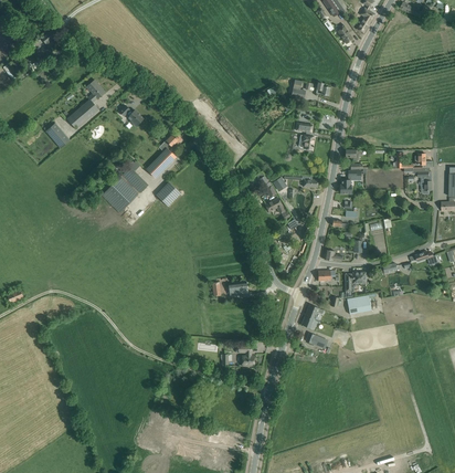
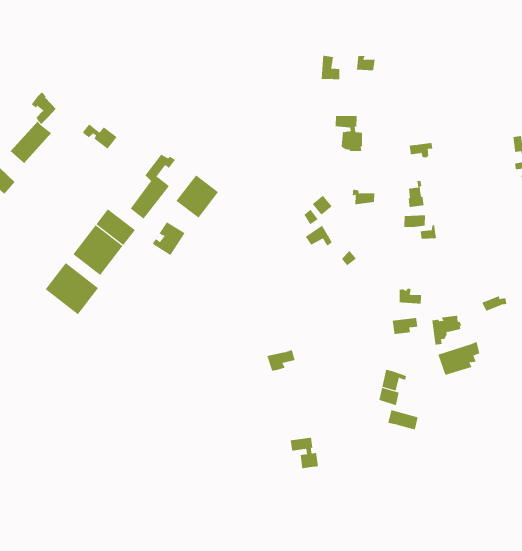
building: none -> [176,174,219,219]
building: none -> [45,262,99,315]

